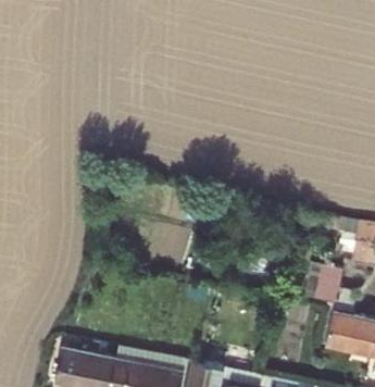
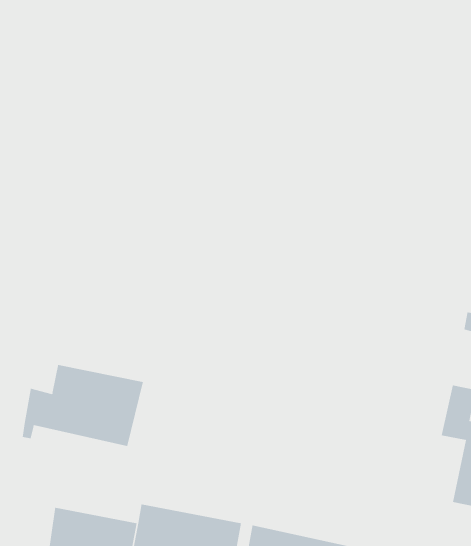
building: none -> [22,364,144,447]

